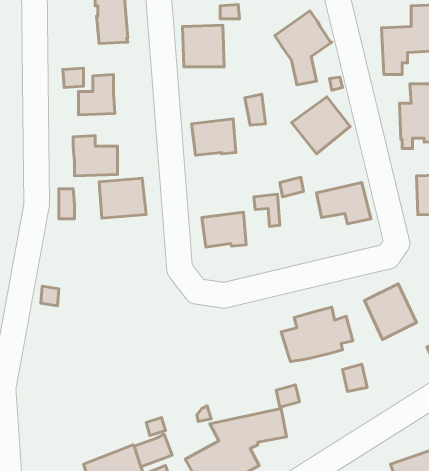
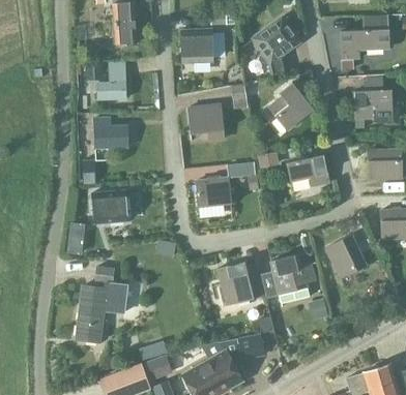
building: [99,178,146,218] -> [90,191,127,223]
building: none -> [216,262,265,305]
building: none -> [76,267,127,342]

